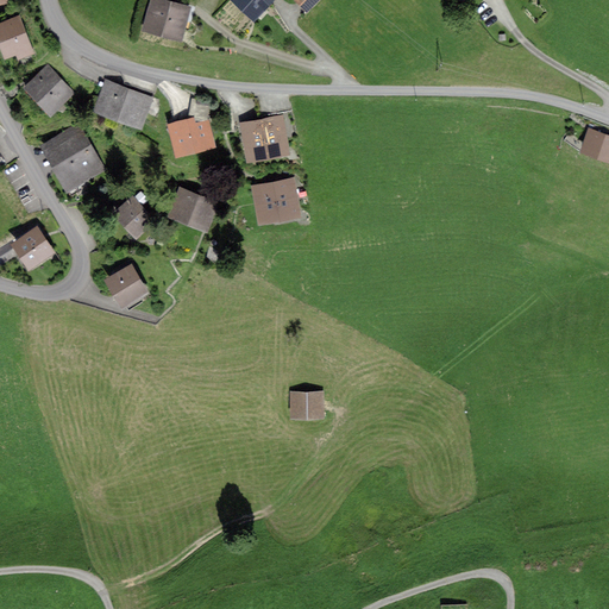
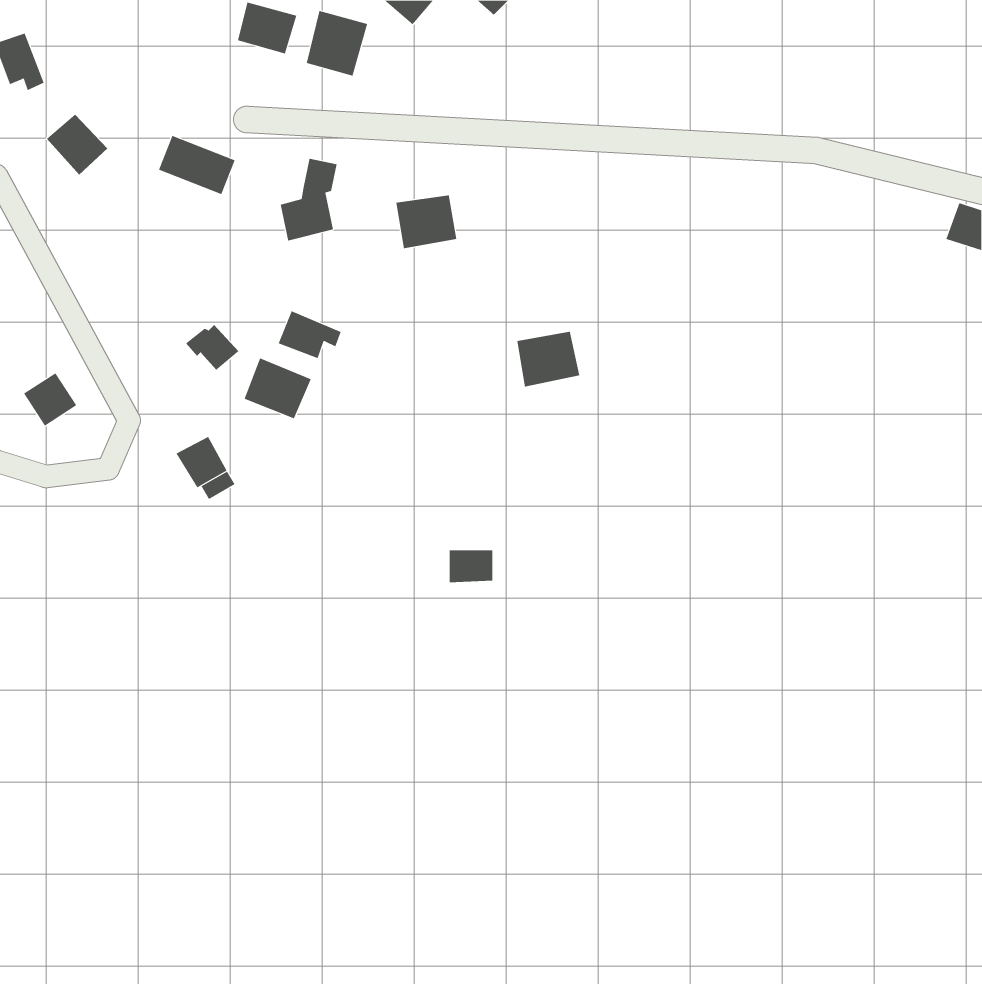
building: none -> [306,10,368,76]
building: [46,130,98,190] -> none
building: [255,183,294,218] -> [517,331,580,387]
building: none -> [244,357,312,419]
building: [289,395,316,415] -> [449,550,493,583]

